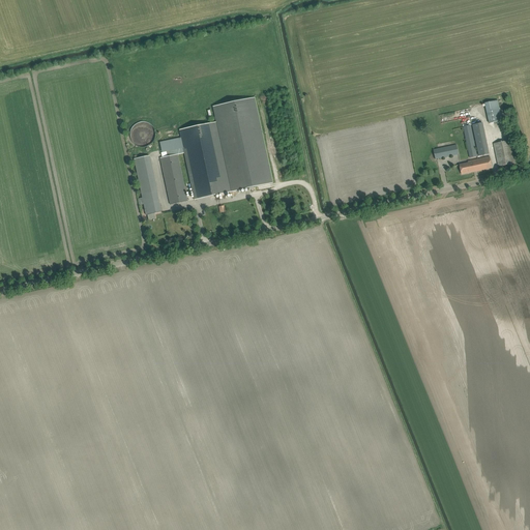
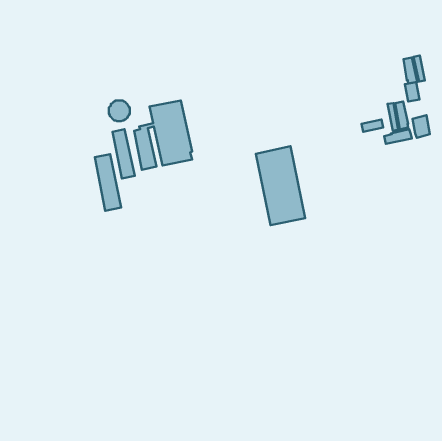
building: none -> [404,55,425,84]
building: [213,95,272,189] -> [256,146,305,225]
building: none -> [95,154,121,211]

